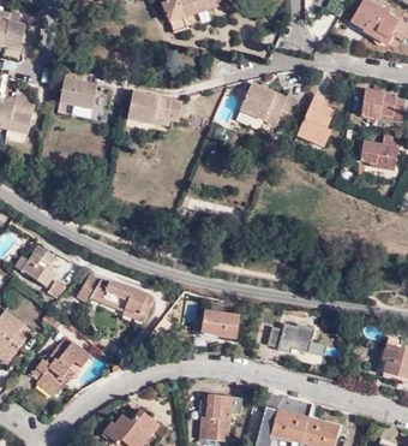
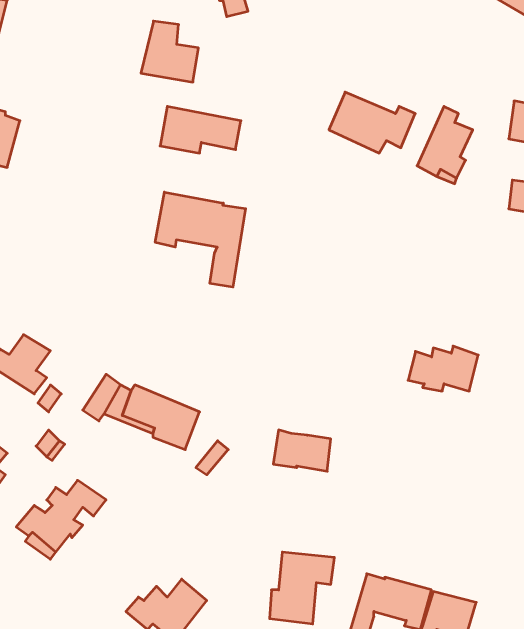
building: [58,69,96,109] -> [141,21,198,82]
building: none -> [155,192,246,287]
building: [270,321,317,351] -> [408,346,478,391]

